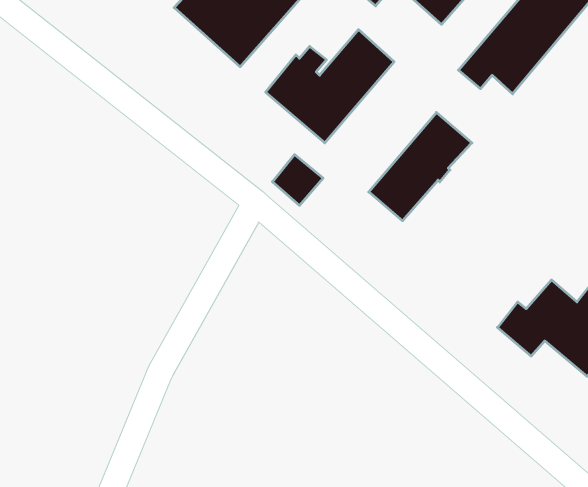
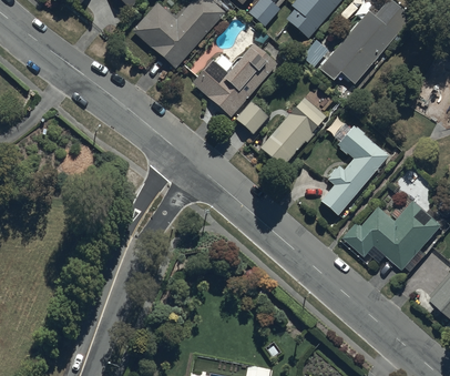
building: [272,155,323,205] -> [236,101,269,134]
building: none -> [320,124,388,214]

